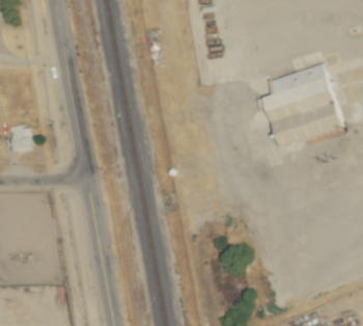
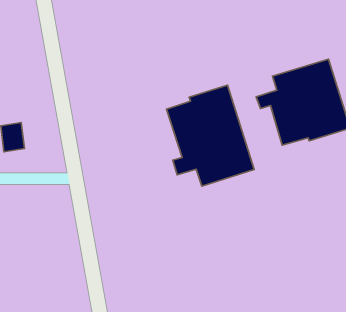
building: none -> [166,85,254,186]

